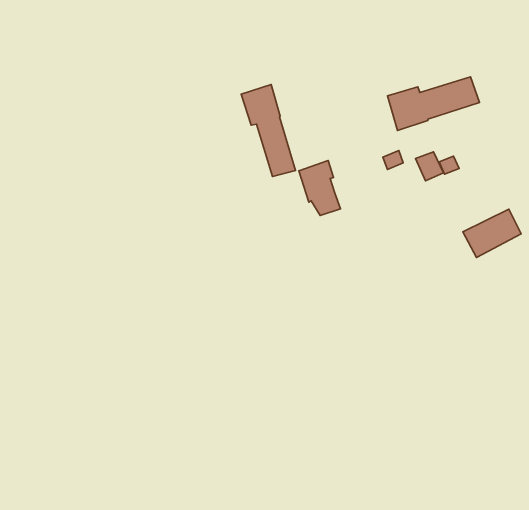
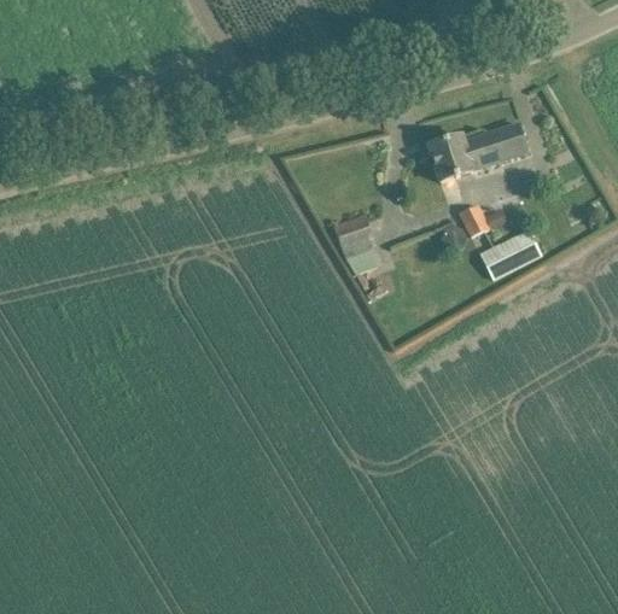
building: [241,84,295,176] -> none
building: [463,209,521,257] -> [479,228,542,280]

